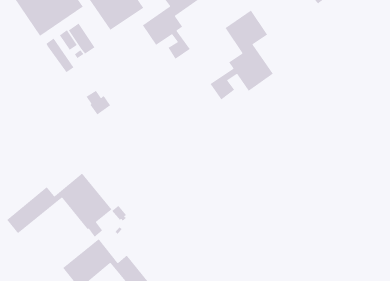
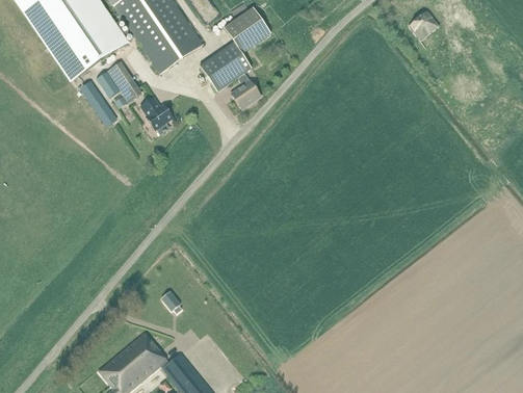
building: [209,9,274,101] -> none
building: [86,90,111,116] -> [139,97,172,129]
building: [6,172,113,238] -> none

